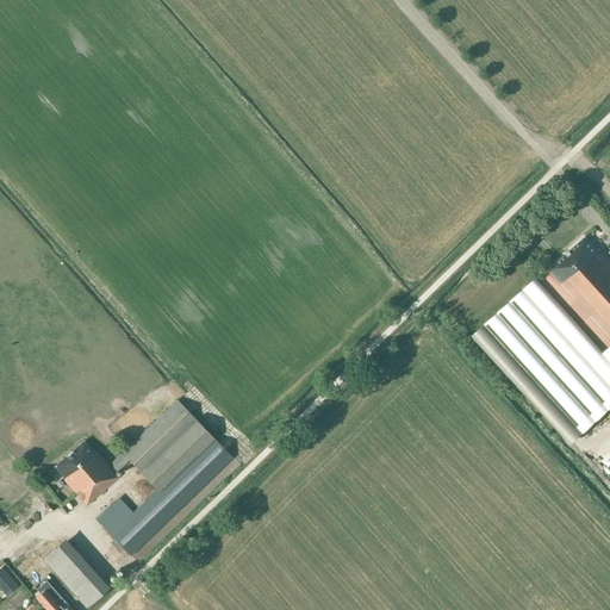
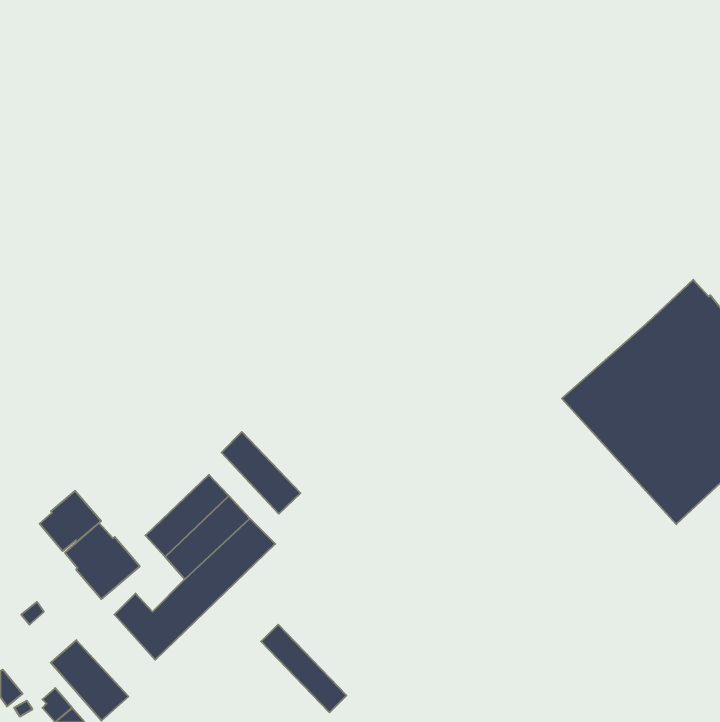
building: none -> [222,432,300,514]
building: none -> [40,491,101,551]
building: none -> [261,625,346,712]

